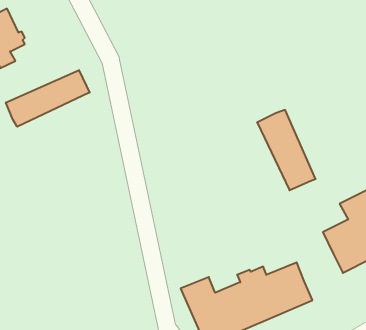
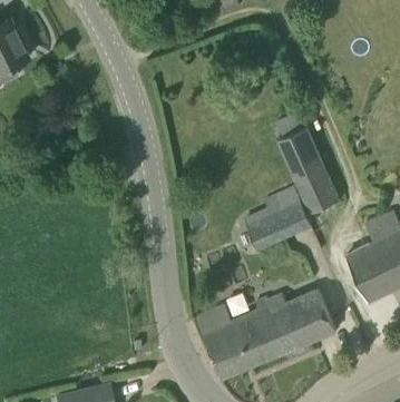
building: [6,70,90,127] -> none
building: none -> [244,196,311,249]

